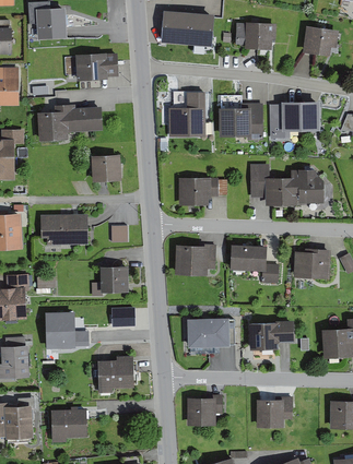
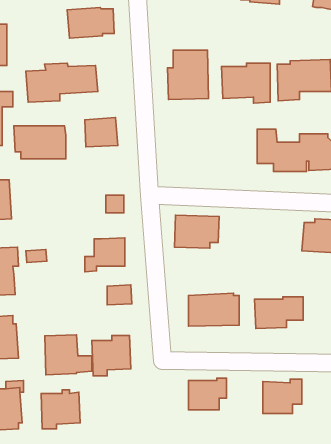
building: [178,178,226,205] -> none
building: [39,214,87,245] -> [14,126,66,159]
building: [230,243,279,284] -> none
building: [45,311,89,348] -> [45,335,92,375]

